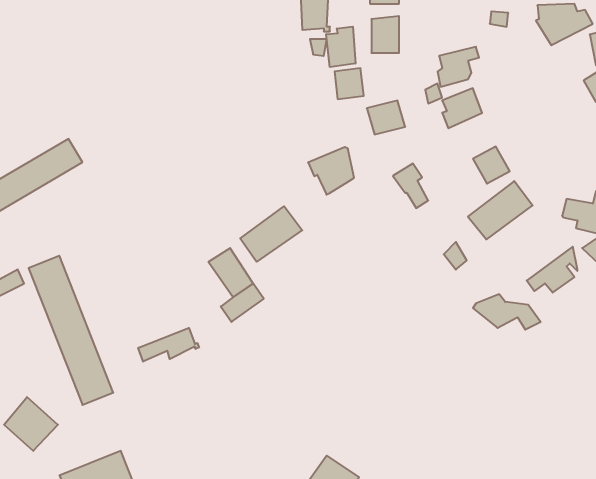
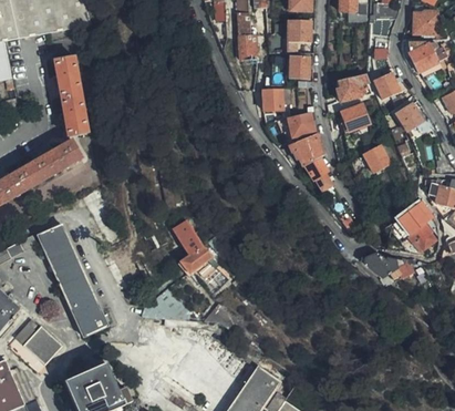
building: none -> [53,55,87,136]
building: [326,27,355,67] -> none
building: none -> [373,72,404,99]
building: none -> [396,102,425,132]
building: [308,147,354,195] -> [289,133,322,167]
building: [468,181,533,239] -> [387,199,434,242]
building: [240,206,302,262] -> none
building: [138,328,199,362] -> none

